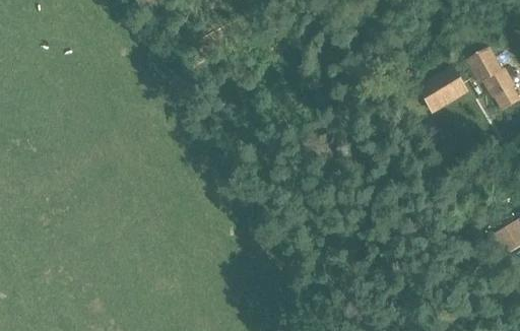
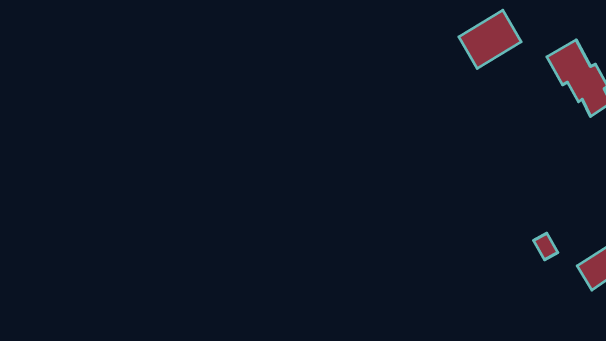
building: [417,65,469,114] -> [459,10,521,68]

